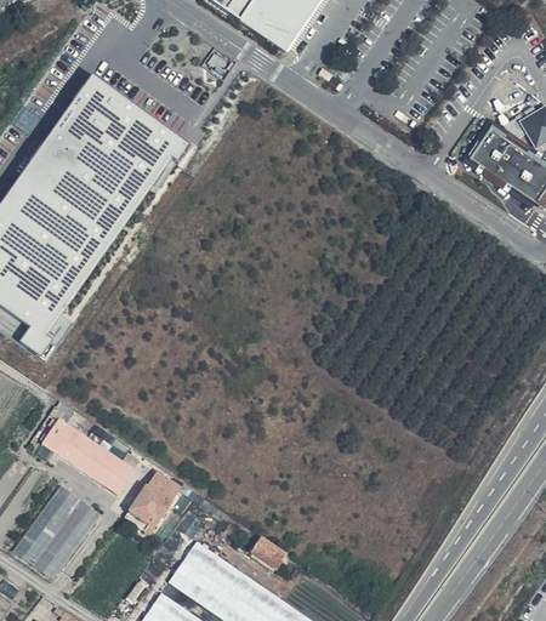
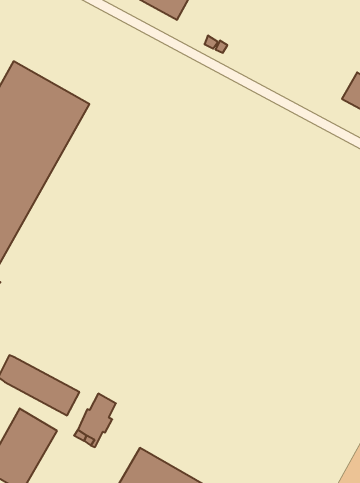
building: [246,542,281,574] -> none

